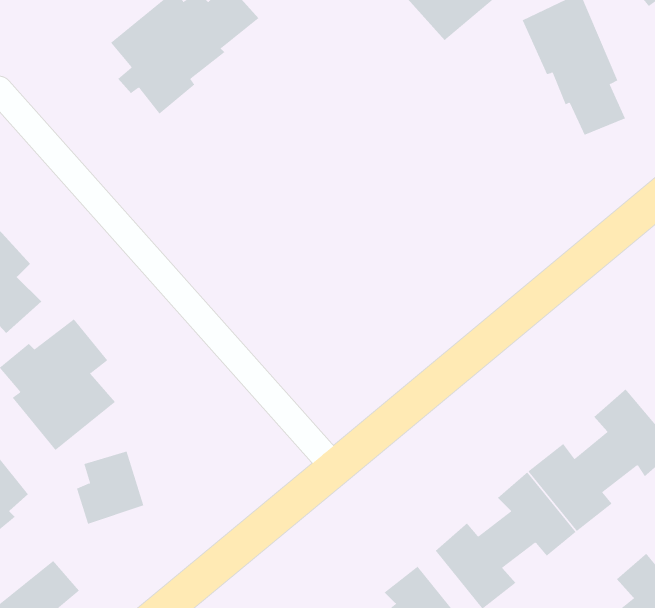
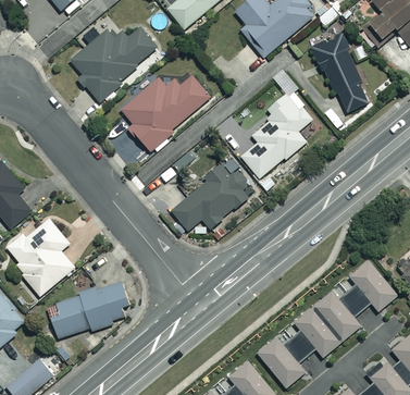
building: none -> [121,74,210,152]
building: none -> [241,77,313,177]
building: none -> [171,163,249,230]
building: none -> [79,280,127,333]

